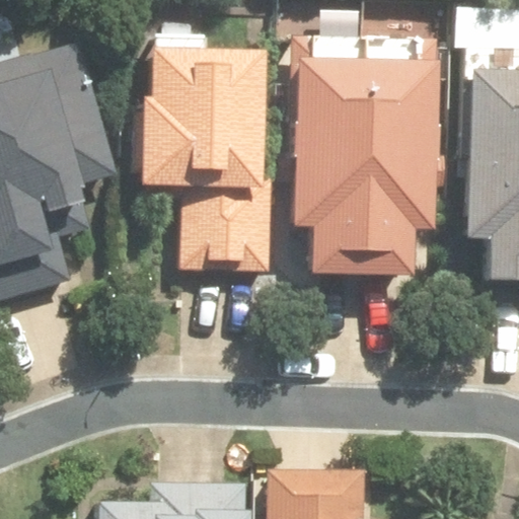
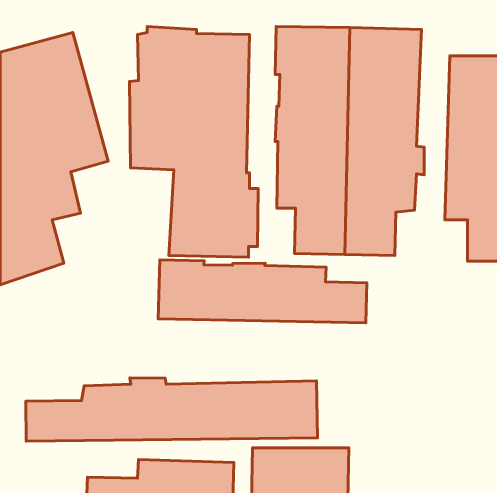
building: none -> [158,260,367,323]
building: none -> [26,378,318,441]

